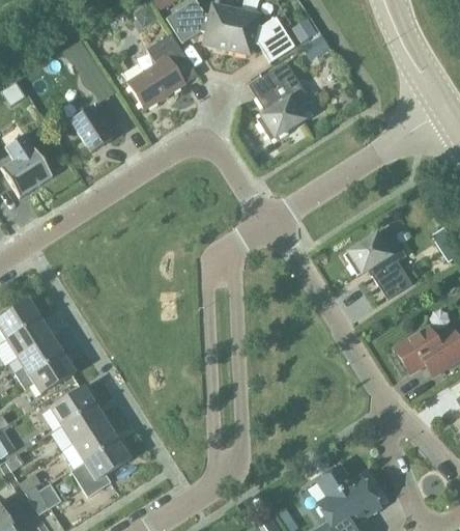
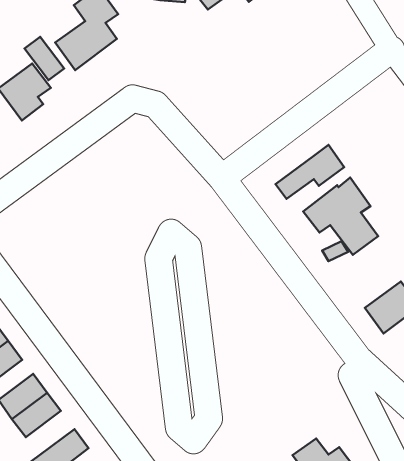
building: [257,61,311,139] -> none
building: none -> [24,37,64,80]
building: none -> [275,145,344,199]
building: [73,421,118,460] -> none

